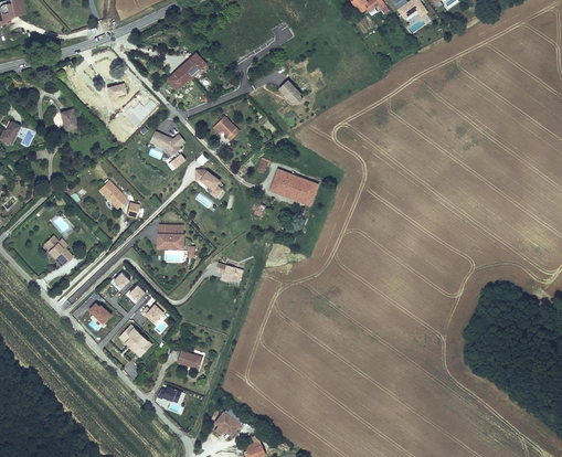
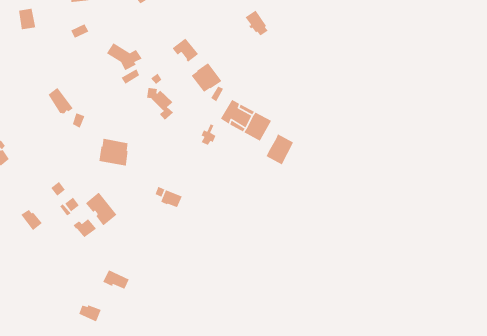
building: none -> [191,62,222,93]
building: none -> [266,133,294,166]
building: [118,325,151,358] -> [85,192,117,226]

